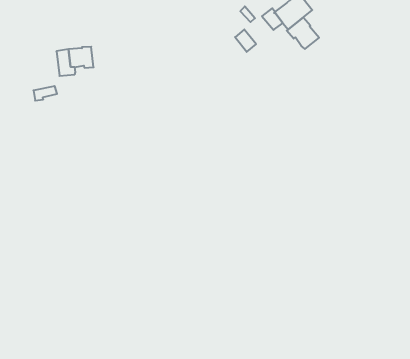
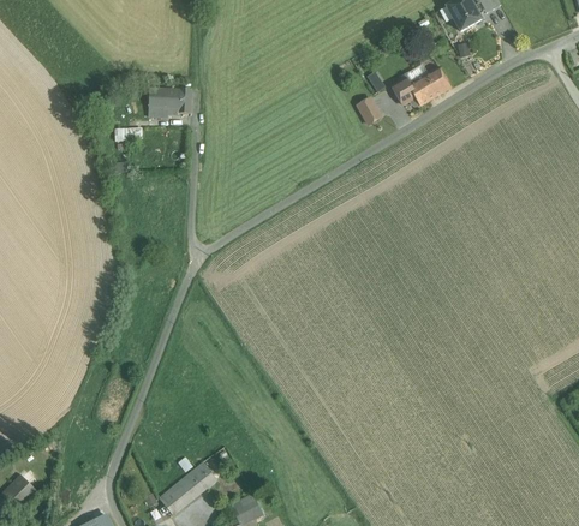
building: [287,18,319,49] -> none

